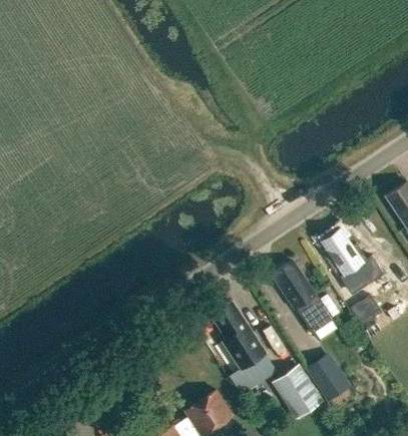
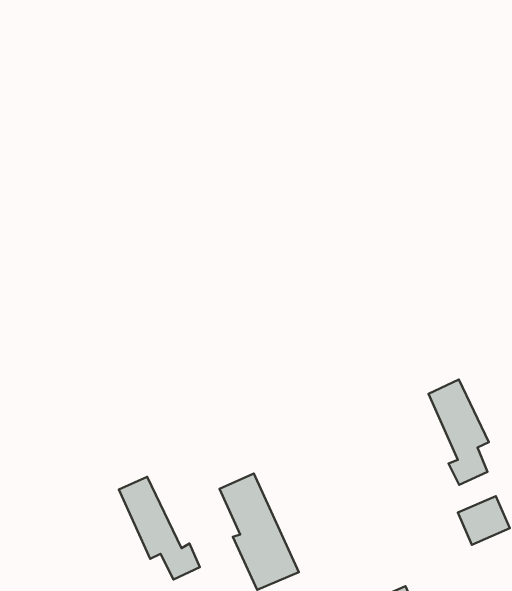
building: [273,262,335,335] -> none
building: none -> [119,477,200,580]

